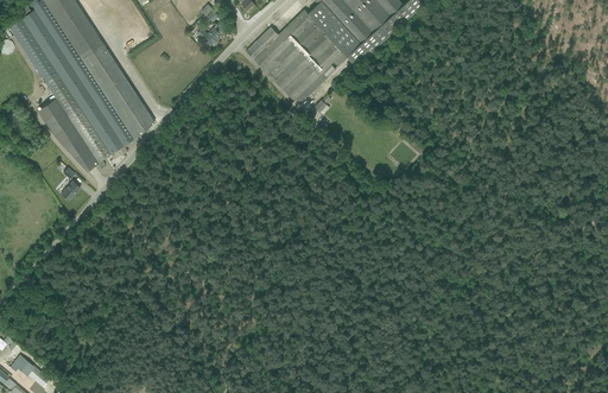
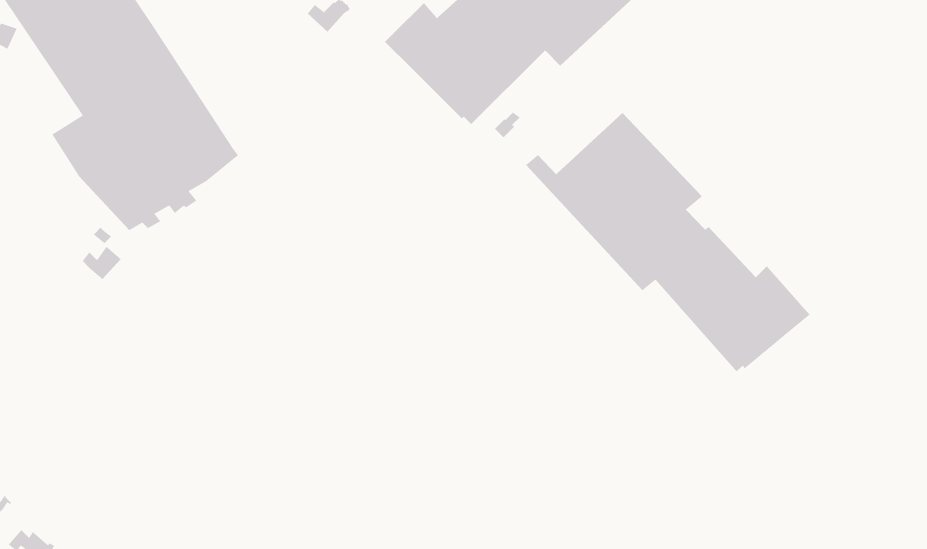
building: none -> [525,112,810,372]

